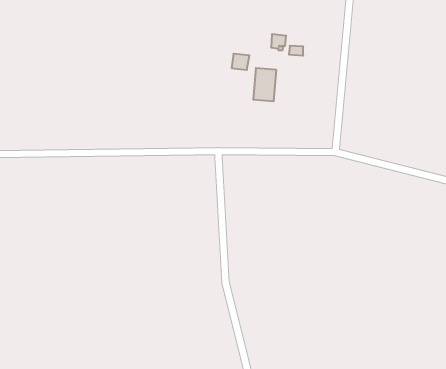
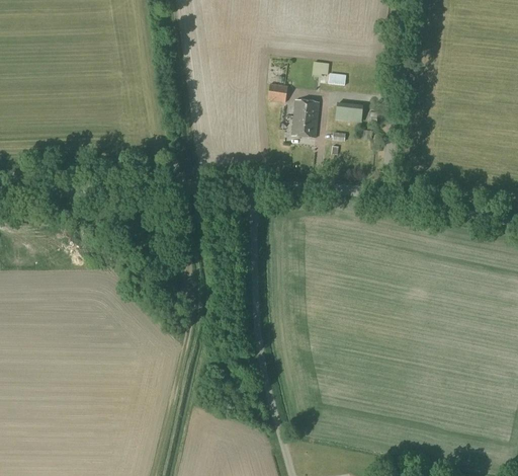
building: none -> [336,103,362,123]

